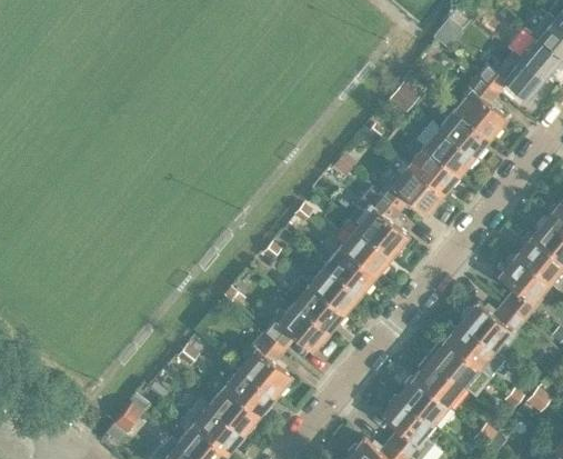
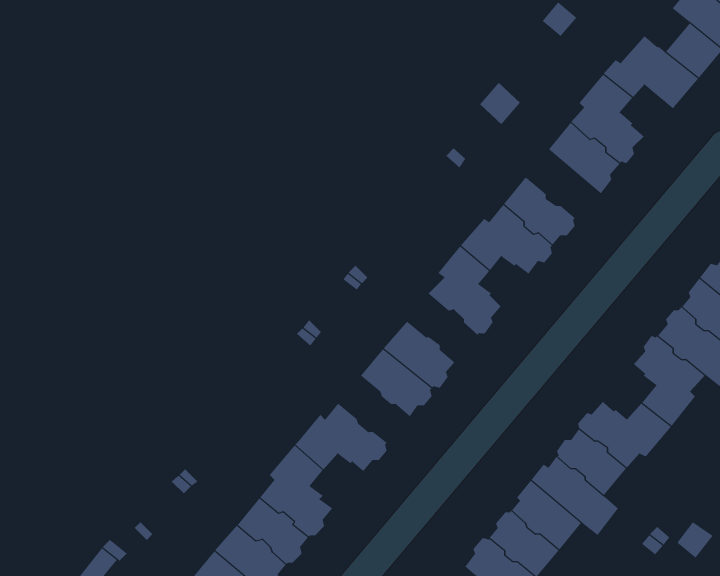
building: [412,119,475,176] -> none
building: [341,228,390,276] -> none
building: [293,285,343,331] -> none

